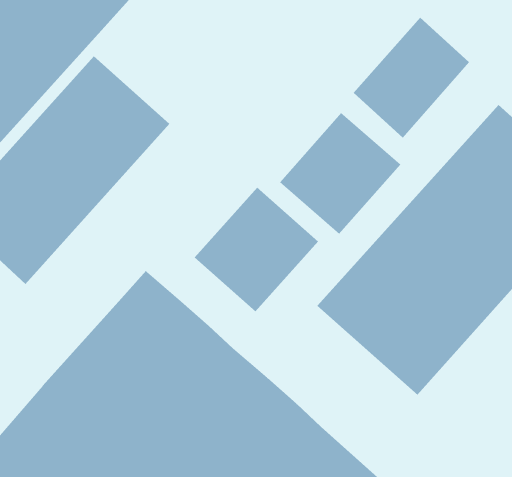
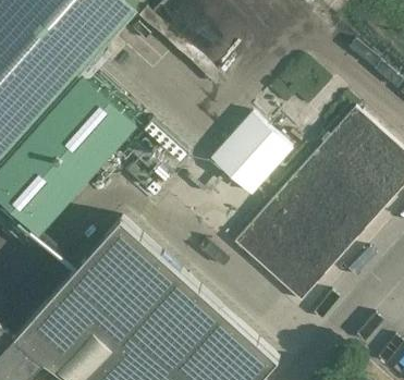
building: [353,17,470,138] -> none
building: [194,187,319,312] -> none

